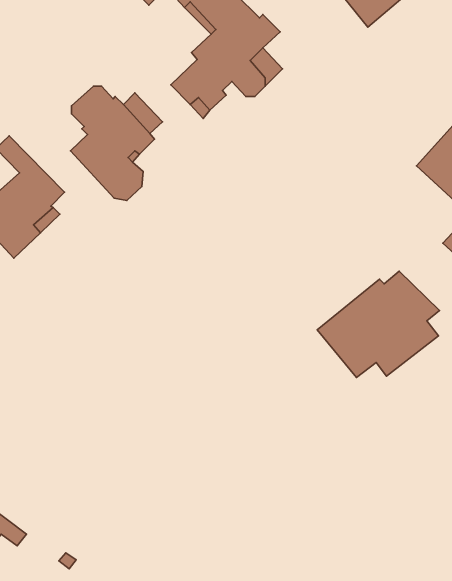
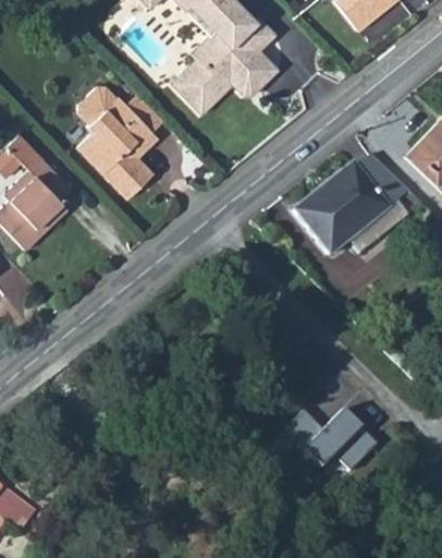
building: [317,271,440,377] -> [295,155,410,255]
building: none -> [279,408,379,472]

